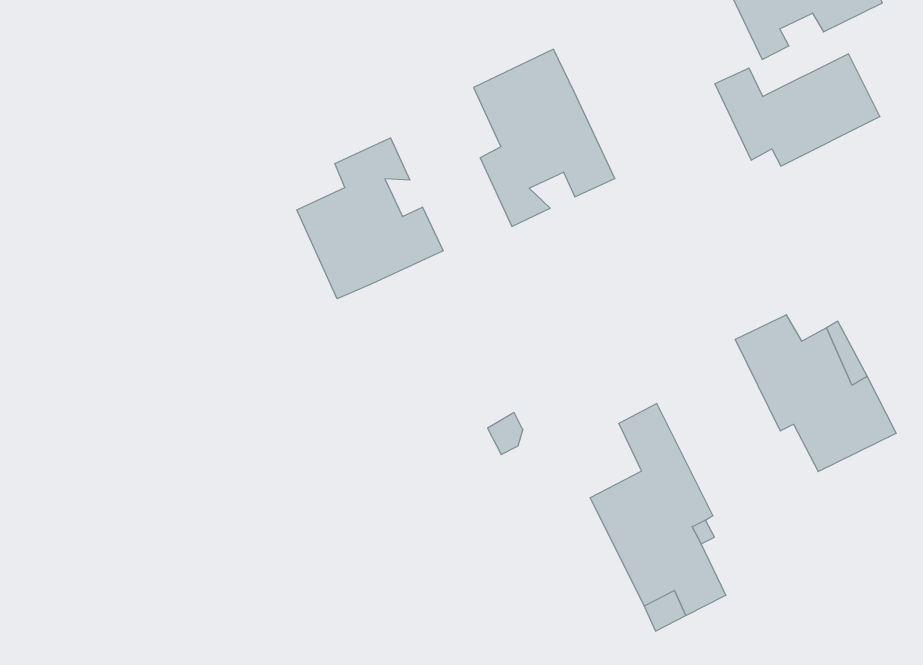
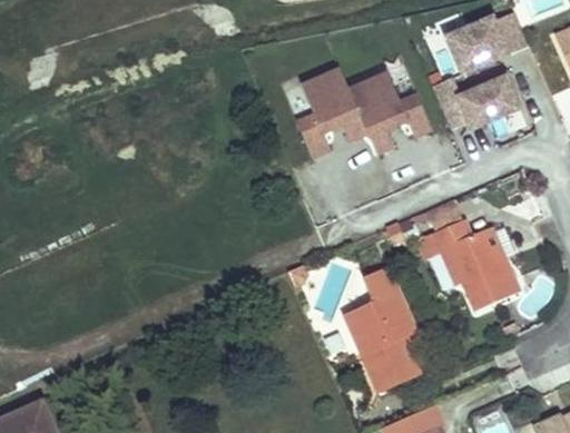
building: none -> [351,70,435,152]
building: [297,138,443,299] -> none

